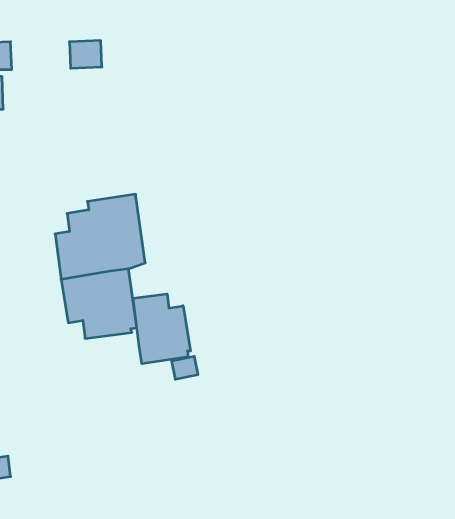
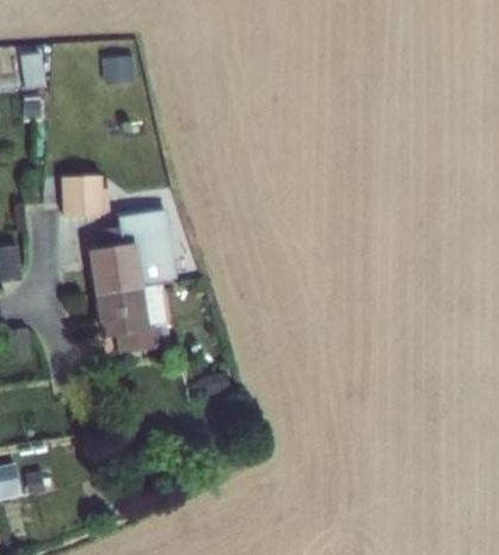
building: none -> [63,175,105,215]
building: [133,294,190,364] -> none

